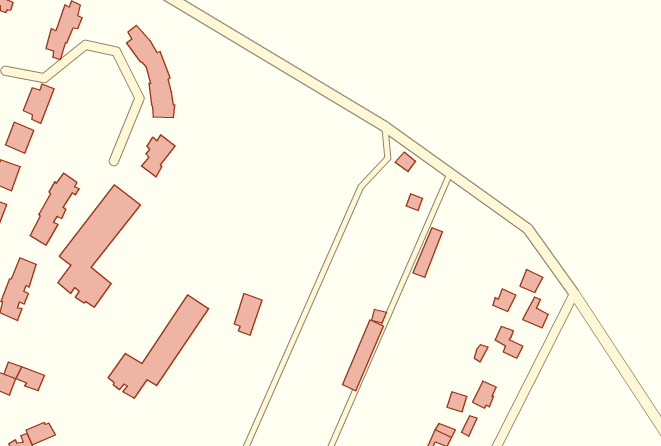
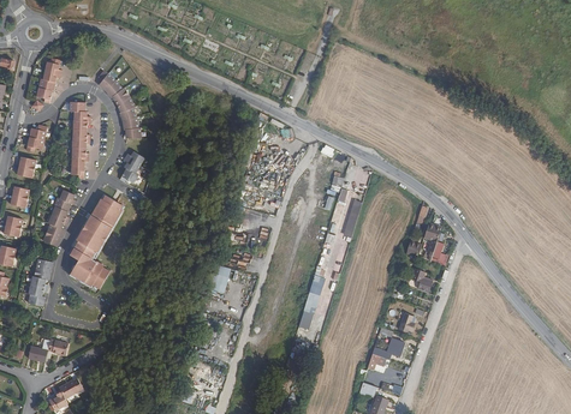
building: none -> [73,101,94,178]
building: [108,295,209,398] -> none

